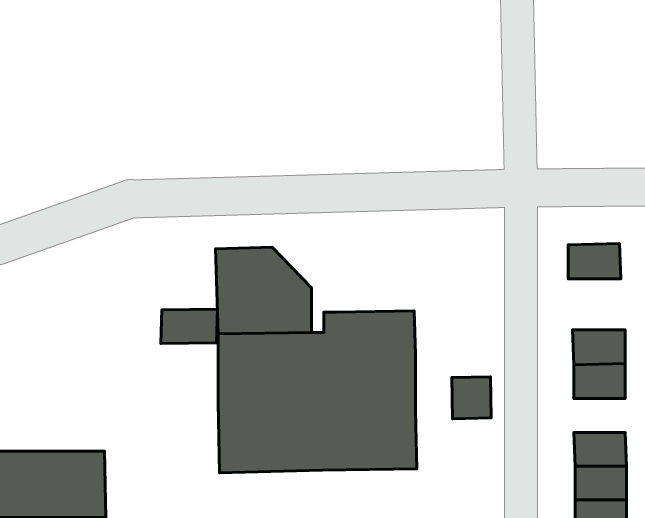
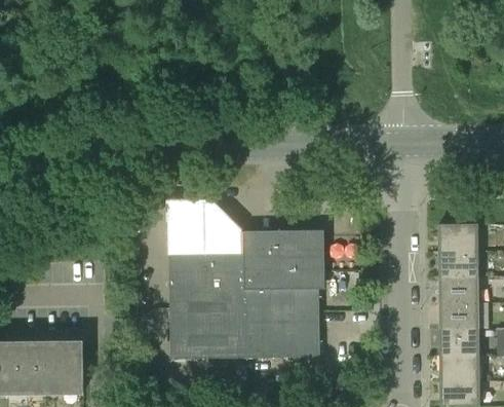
building: [568,244,621,279] -> [438,225,478,252]
building: [161,309,217,344] -> none
building: [452,377,491,419] -> none
building: none -> [439,304,478,330]

